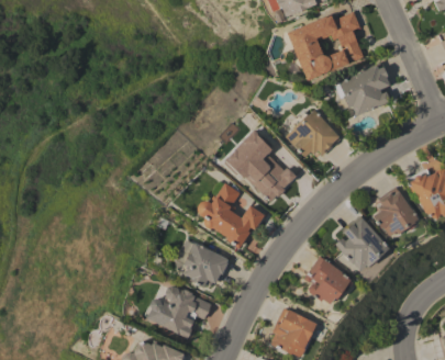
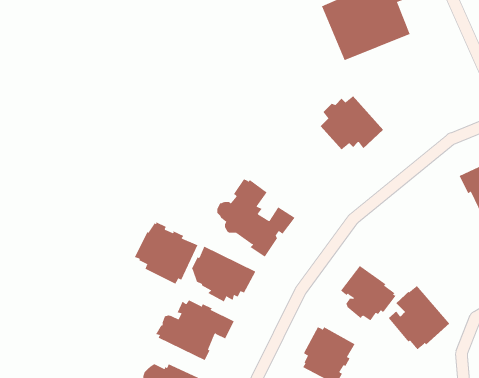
building: [336,63,393,116] -> none
building: [225,131,294,204] -> none
building: [375,191,419,237] -> none
building: [335,215,389,271] -> [388,285,450,350]
building: none -> [134,221,198,285]

